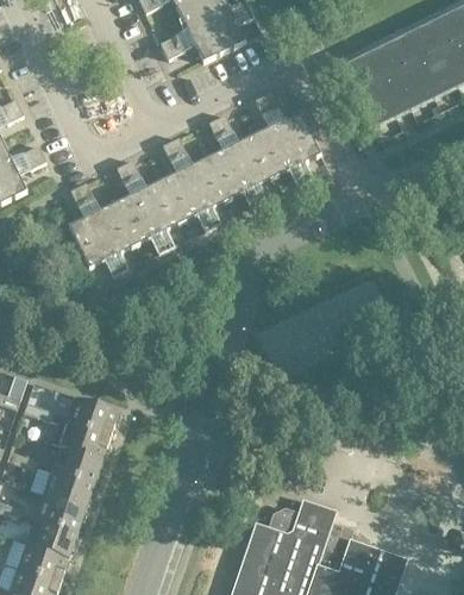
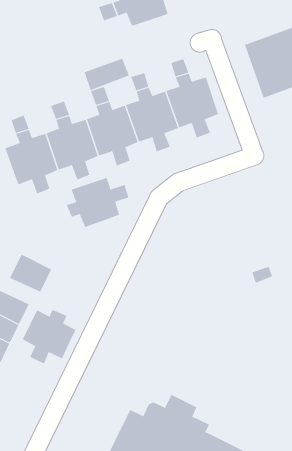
building: none -> [84,58,129,91]
building: none -> [66,177,129,228]
building: none -> [9,254,52,293]
building: none -> [22,309,76,365]

